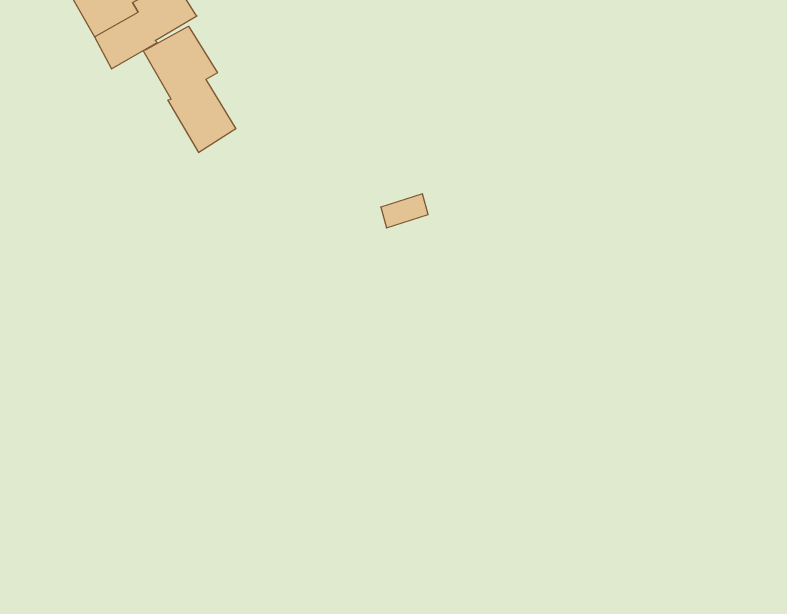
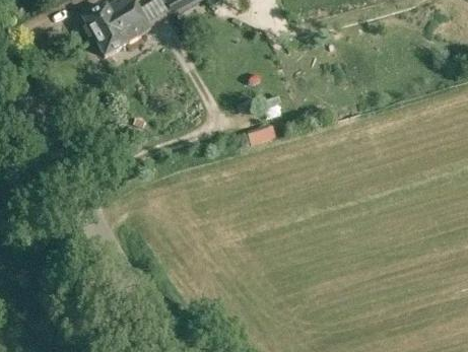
building: [143,26,236,153] -> none

